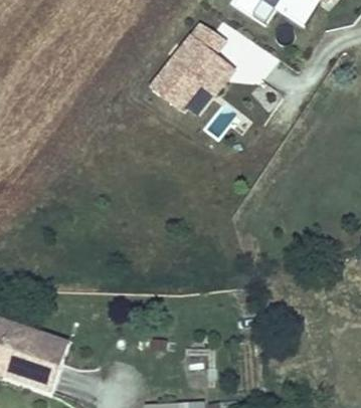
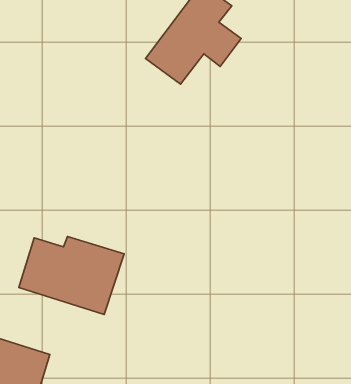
building: none -> [19,236,124,315]

